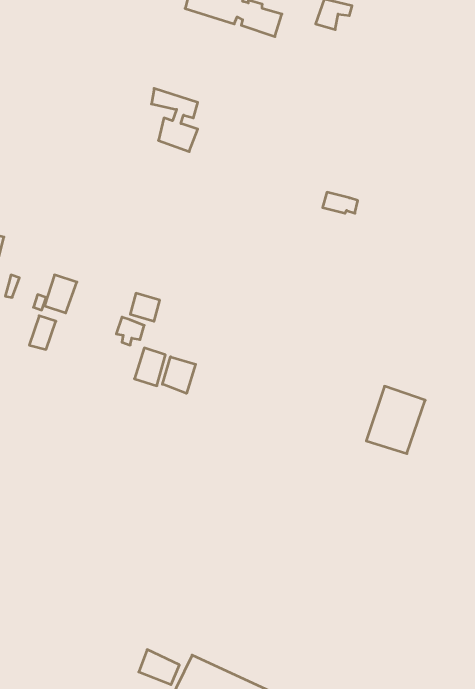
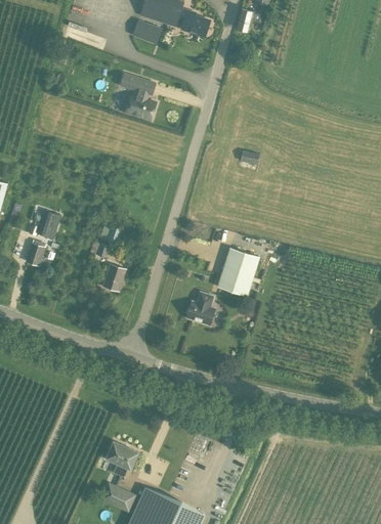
building: none -> [133,19,163,44]
building: [162,357,196,393] -> none
building: [366,386,425,454] -> [217,247,260,296]
building: none -> [186,292,215,324]
building: none -> [107,441,139,477]

